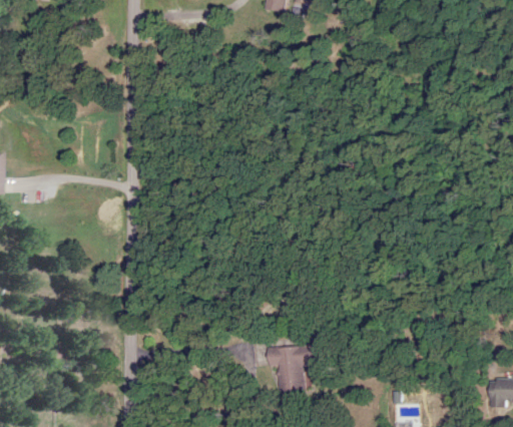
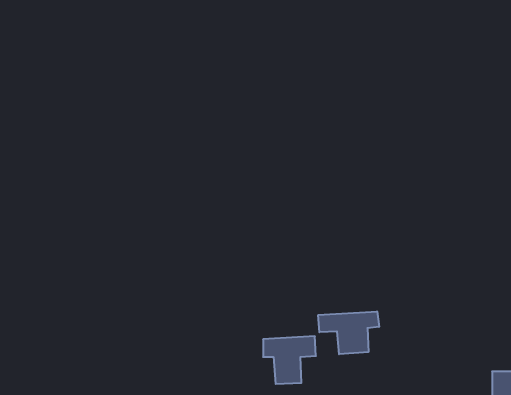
building: none -> [318,311,379,354]

